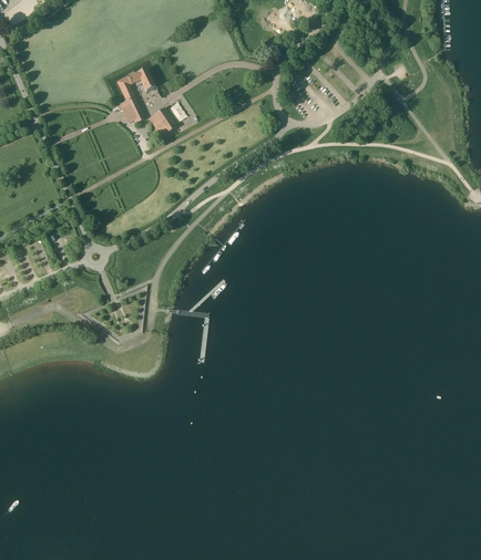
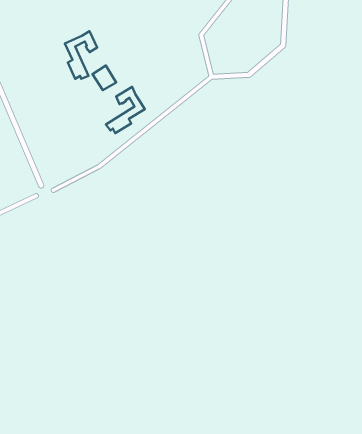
building: none -> [106,87,145,133]

